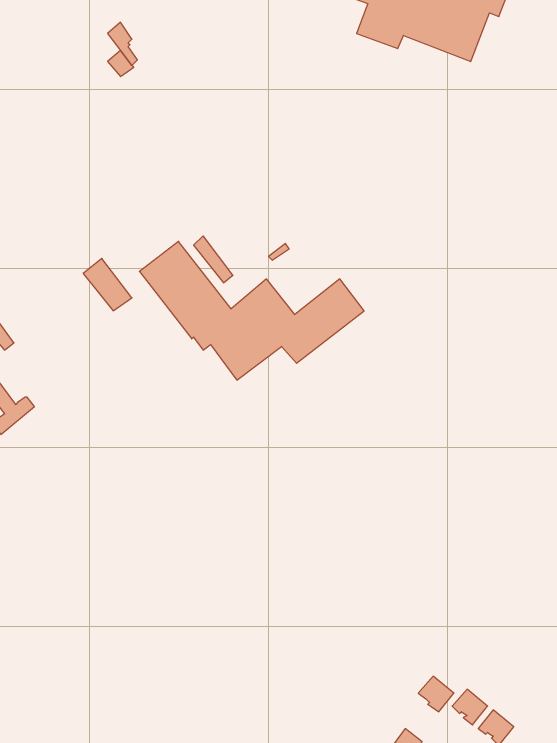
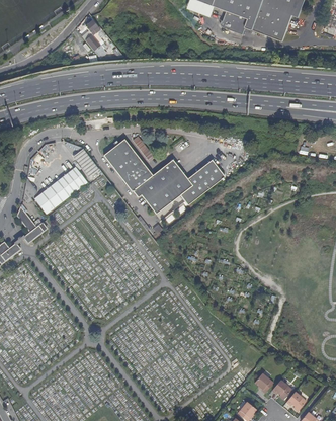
building: none -> [34,167,87,214]

